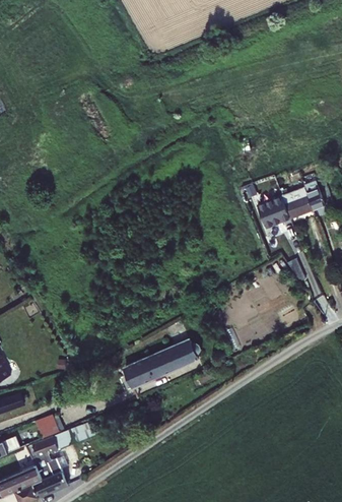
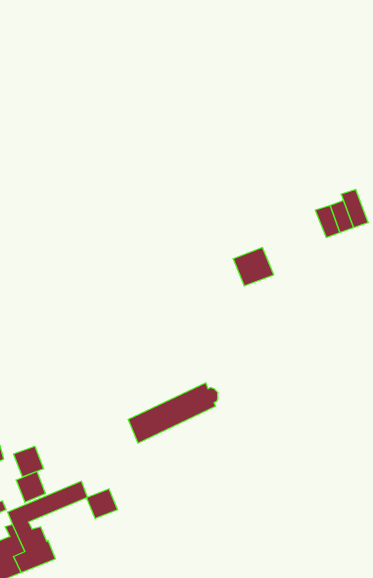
building: [257,196,290,228] -> [233,248,274,286]
building: none -> [14,446,44,477]
building: none -> [87,489,118,519]

